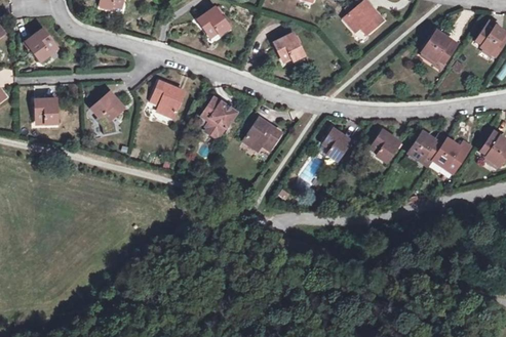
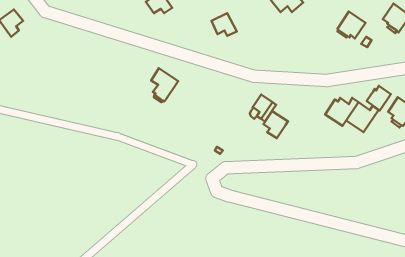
building: [153,81,184,118] -> none
building: [91,92,124,134] -> none
building: [35,99,56,121] -> none
building: [243,118,281,151] -> none
building: none -> [367,86,391,111]
building: [372,130,400,162] -> [264,111,288,138]

